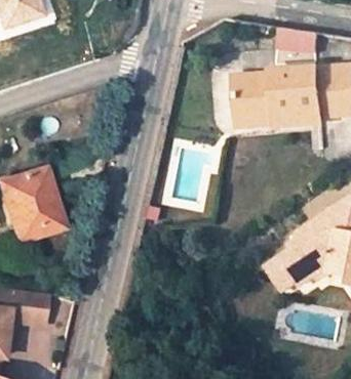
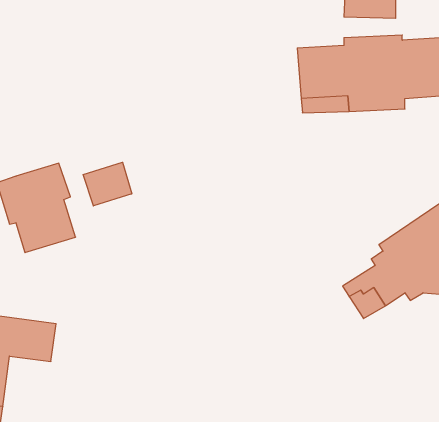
building: none -> [83,162,132,206]

